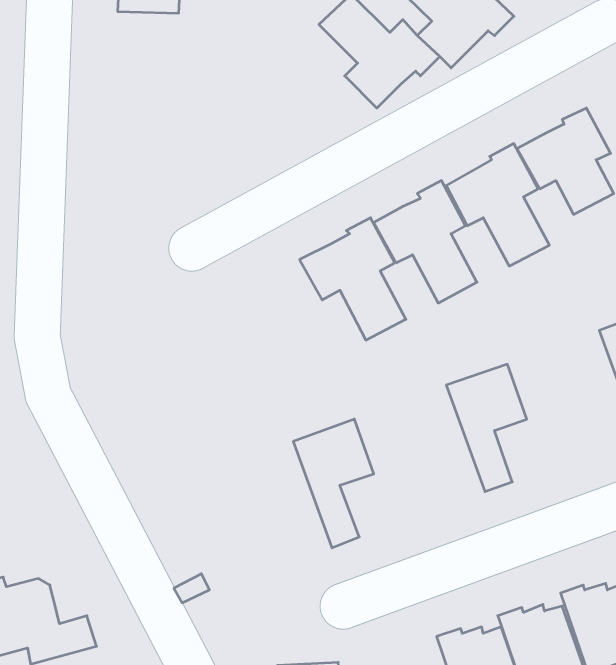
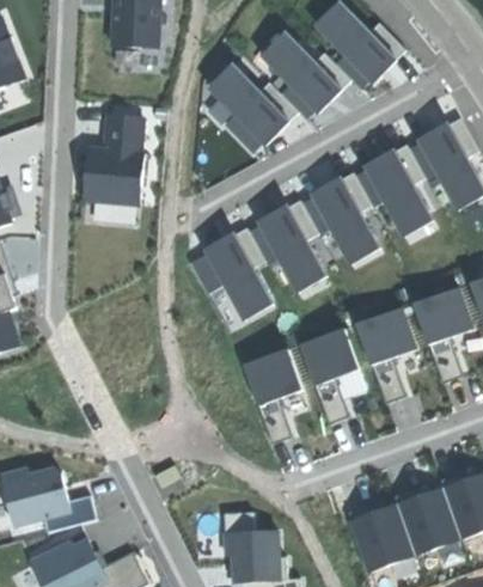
building: none -> [207,63,298,149]
building: none -> [80,115,142,204]
building: none -> [188,227,273,320]
building: none -> [412,288,472,383]
building: none -> [298,329,359,424]

